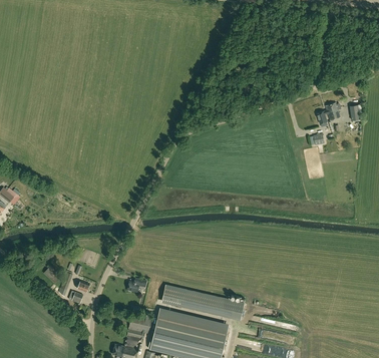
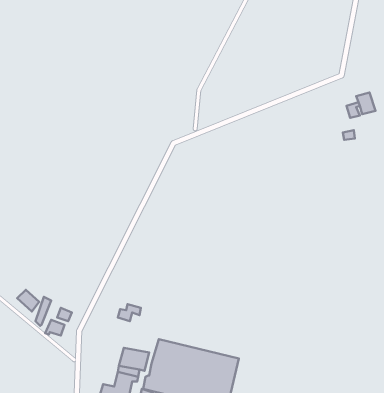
building: [162,286,245,320] -> none

